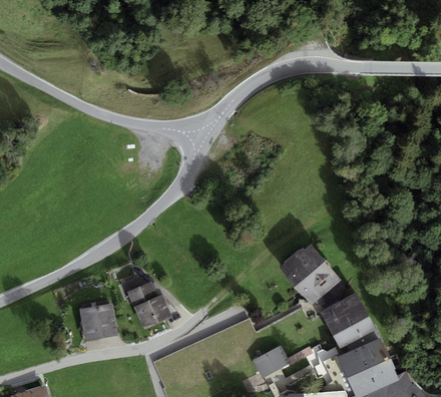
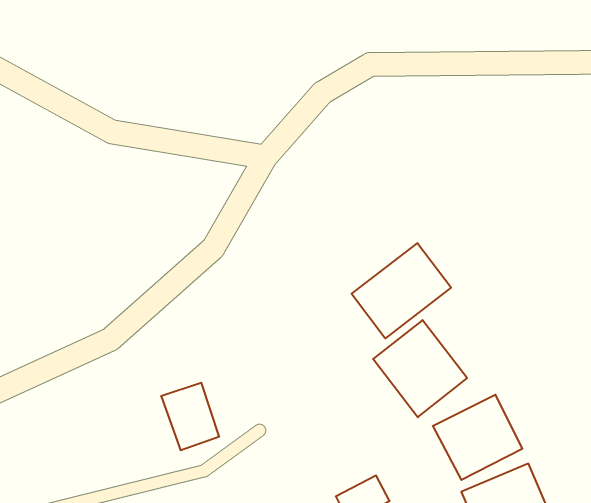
building: none -> [352,243,451,338]
building: [82,303,120,340] -> none

